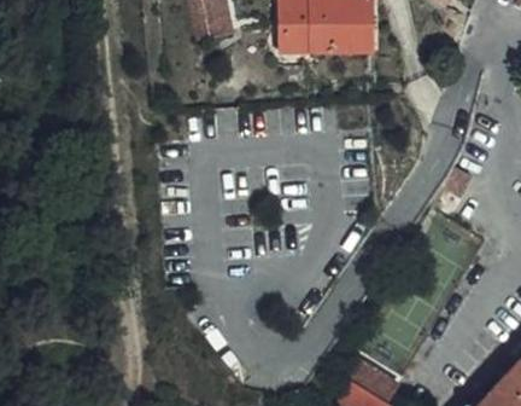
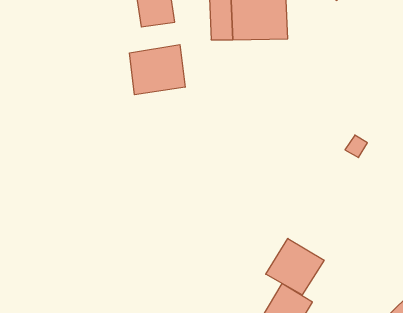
building: none -> [130,45,185,95]
building: none -> [266,238,324,295]

